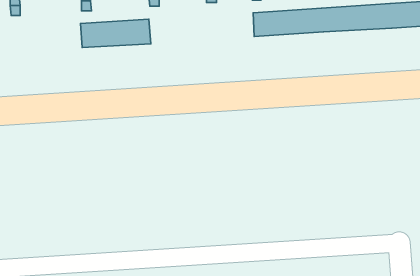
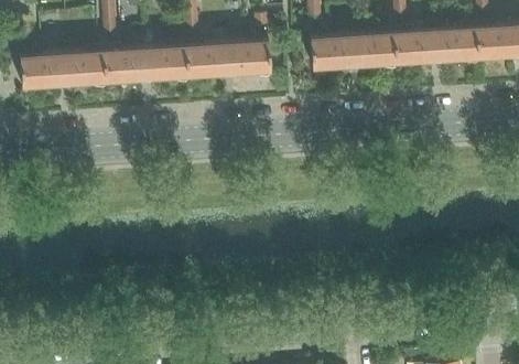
building: none -> [185,40,270,75]
building: none -> [20,51,105,85]

